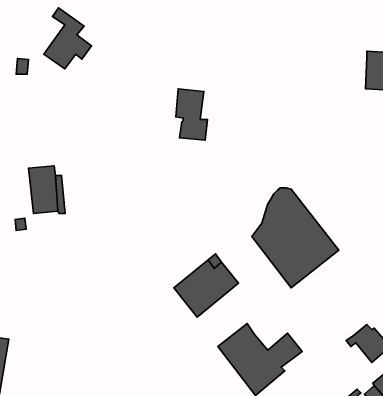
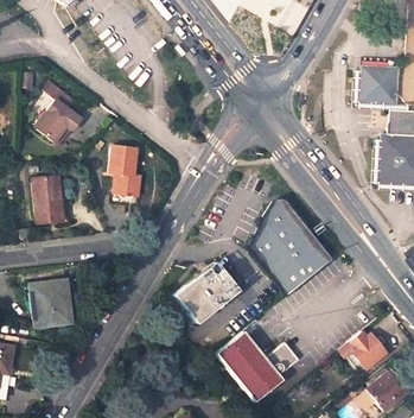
building: [44,8,92,69] -> [36,82,82,141]
building: [176,89,208,140] -> [110,146,141,196]
building: none -> [31,280,69,327]

